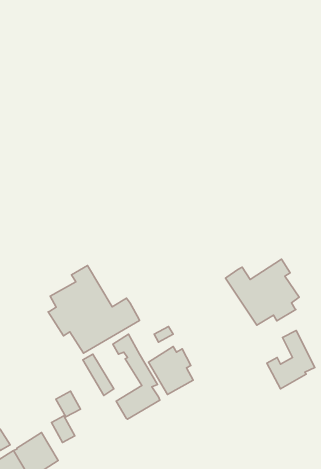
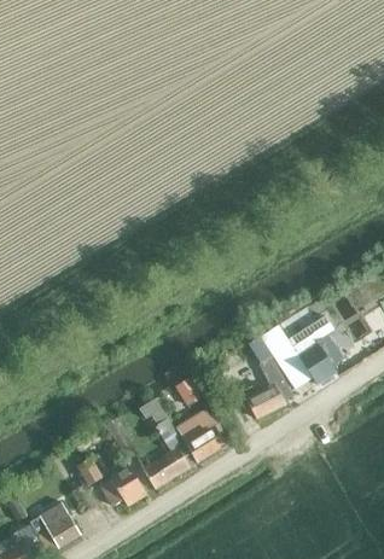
building: [48,265,139,353] -> none
building: [267,331,315,389] -> [239,355,291,418]
building: none -> [99,467,145,506]

